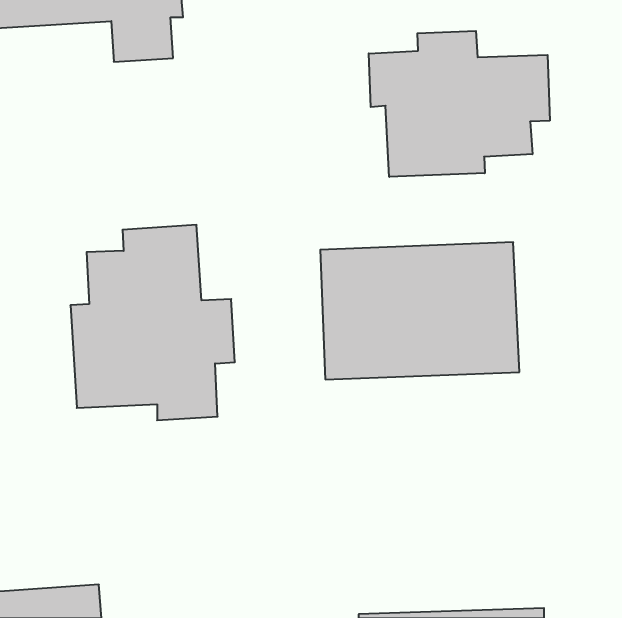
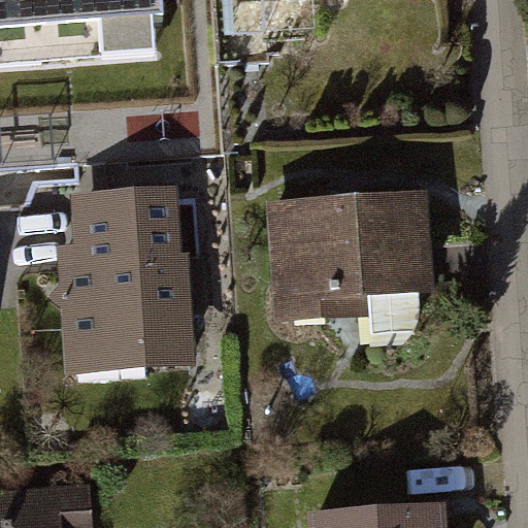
building: [369,31,550,177] -> none

